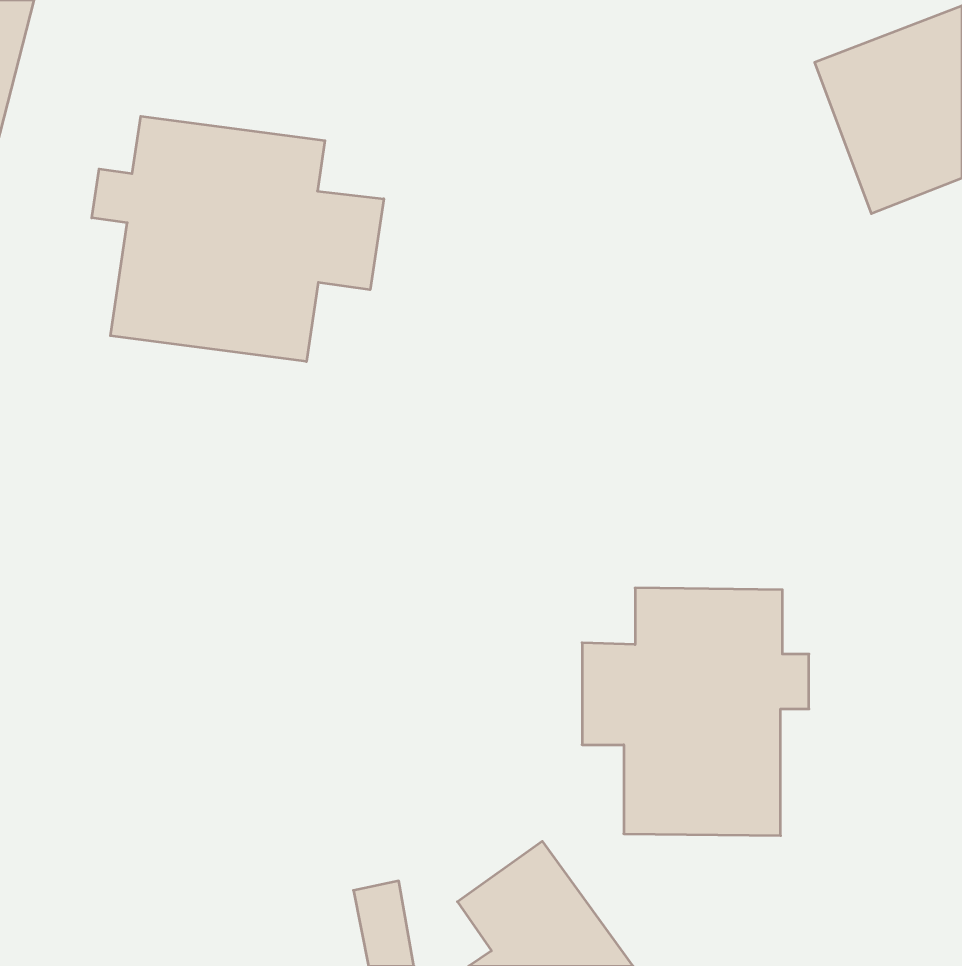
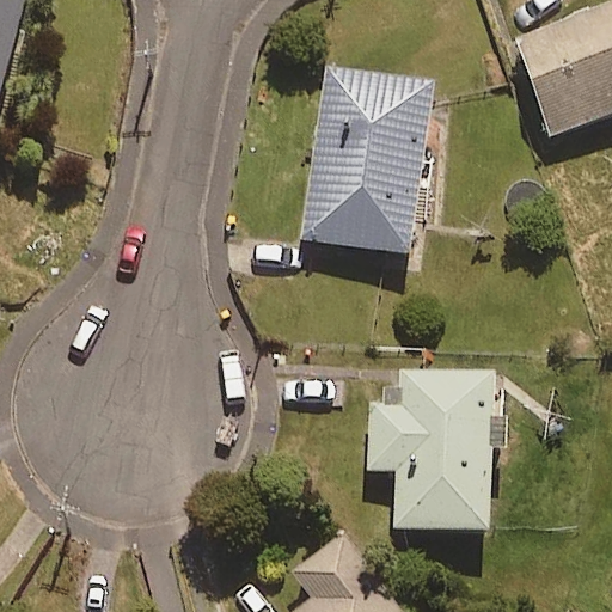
building: none -> [301,67,432,253]
building: [92,116,384,362] -> none

